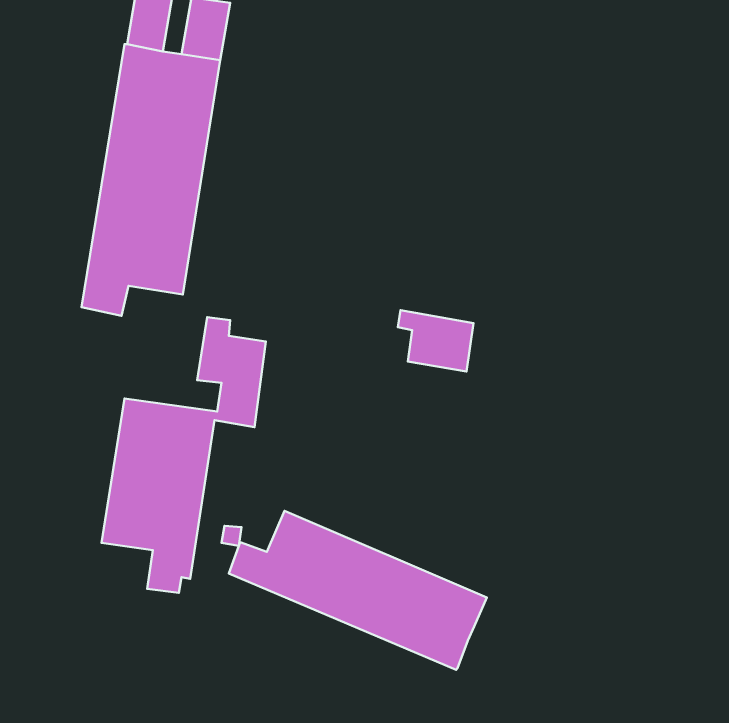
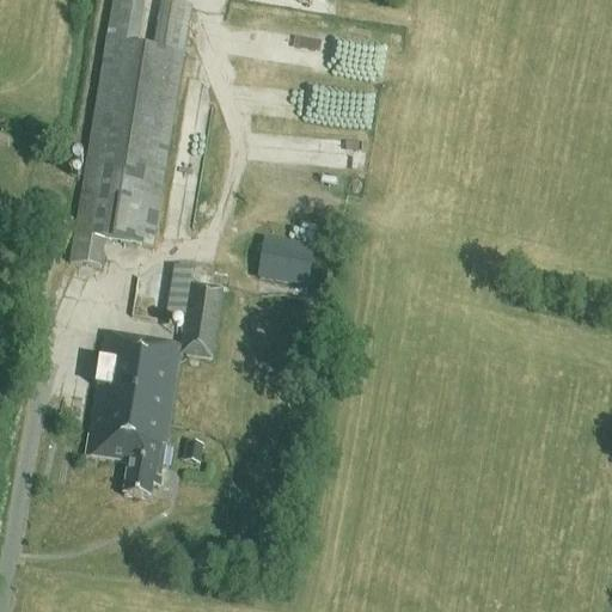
building: [398,310,473,372] -> [251,233,314,284]
building: [229,511,487,670] -> none

